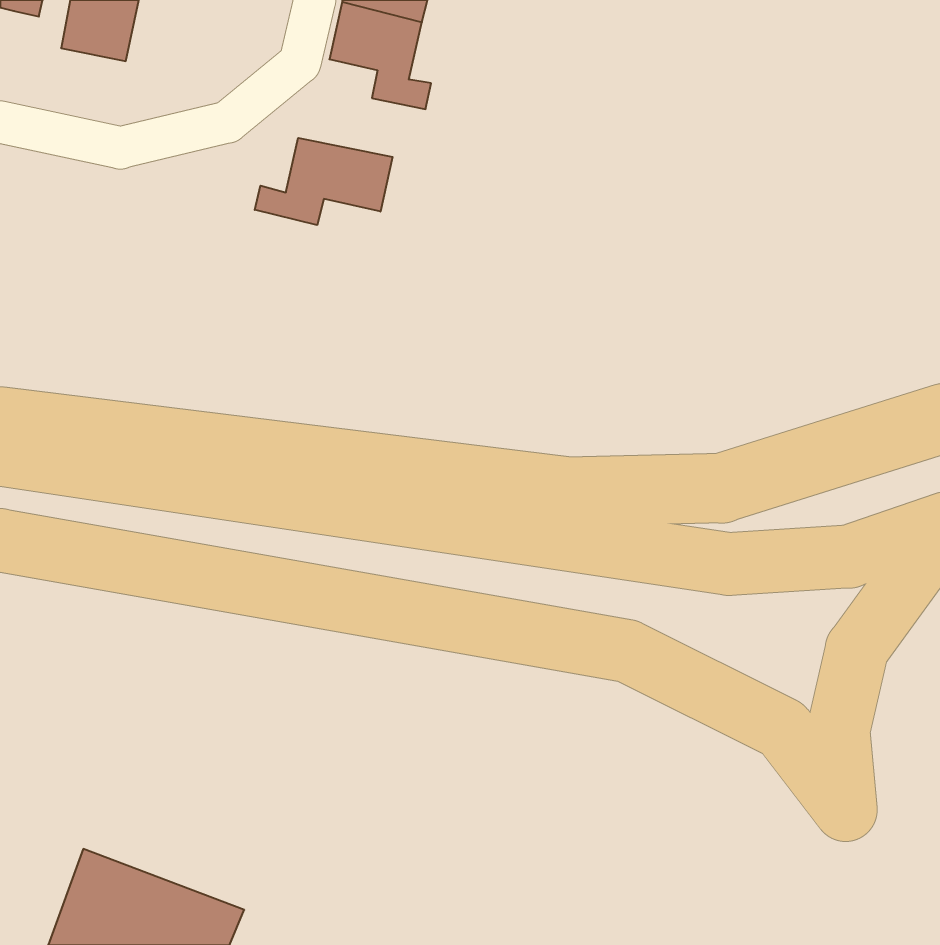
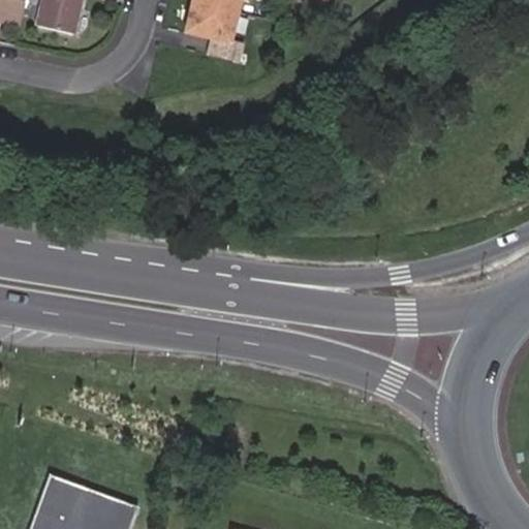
building: [255,138,393,225] -> none

